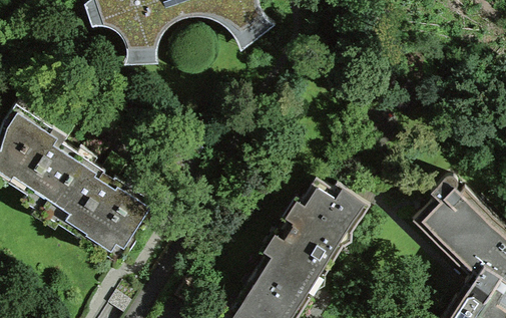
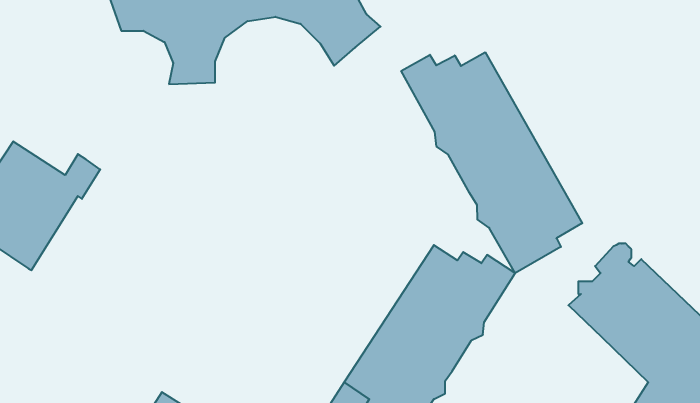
building: none -> [401,52,582,273]
building: [21,145,157,268] -> none

